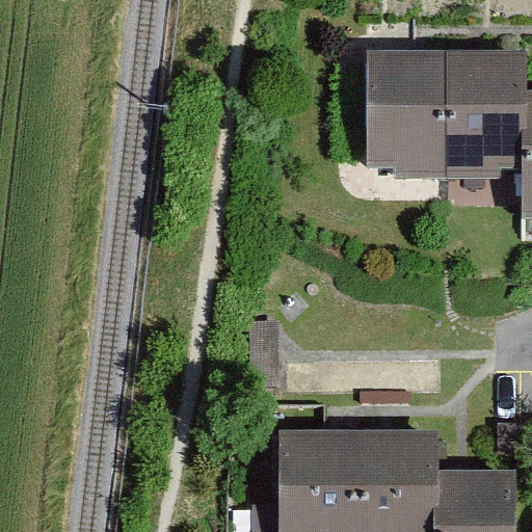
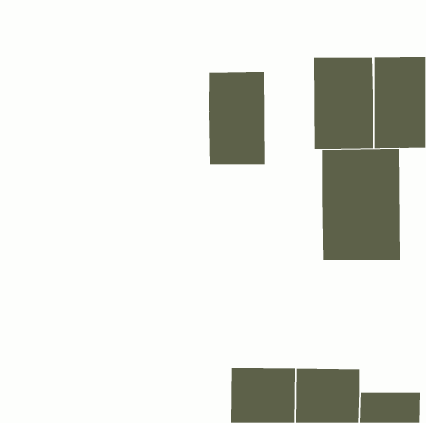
building: none -> [209,71,265,165]
building: none -> [322,148,401,261]

